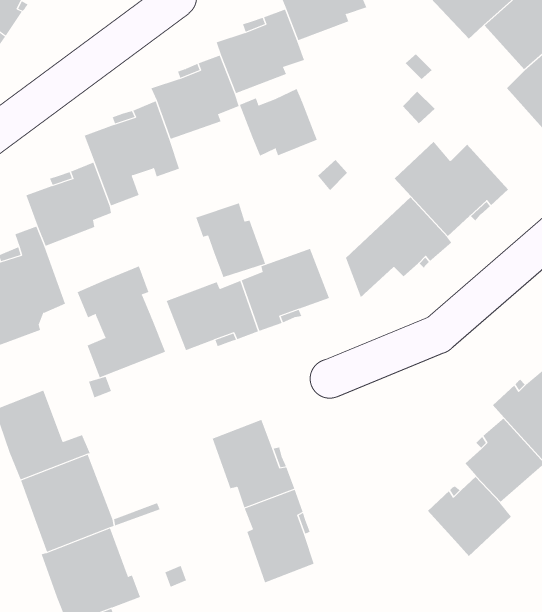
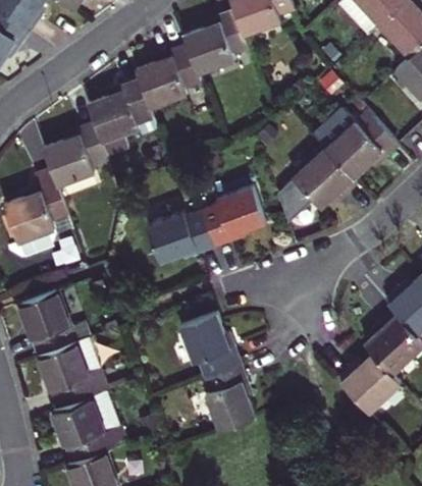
building: [239,88,317,156] -> none
building: [195,202,266,278] -> none
building: [77,265,166,378] -> none

